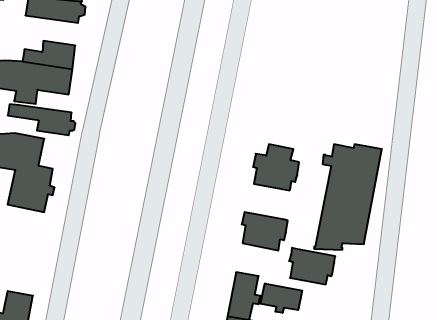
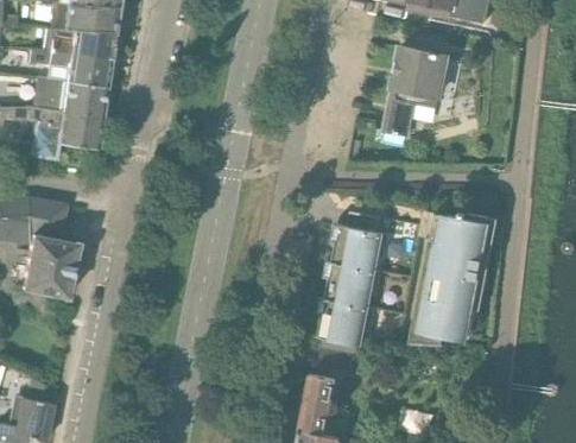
building: none -> [384,39,451,135]
building: [8,104,75,135] -> [29,48,114,87]
building: [289,248,335,284] -> [323,260,381,306]
building: [261,283,302,313] -> none

